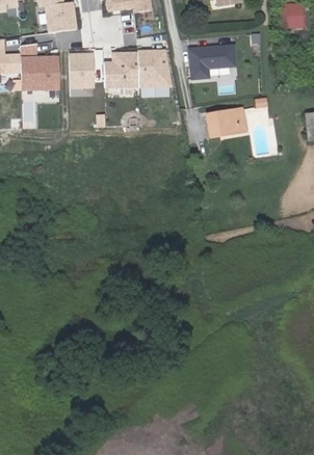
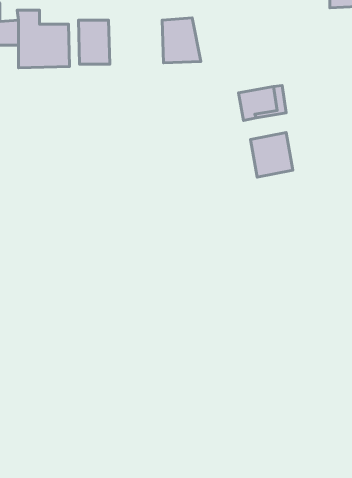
building: [188,44,238,80] -> none
building: [104,53,140,89] -> none
building: none -> [251,132,293,177]

